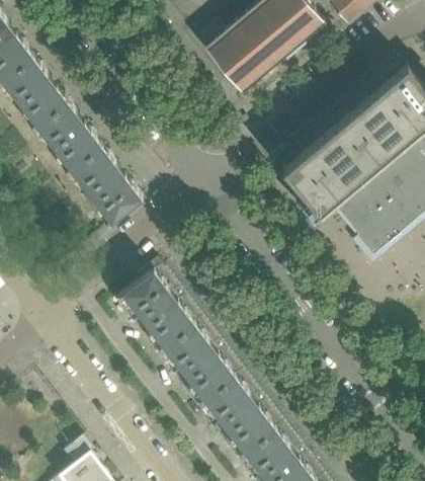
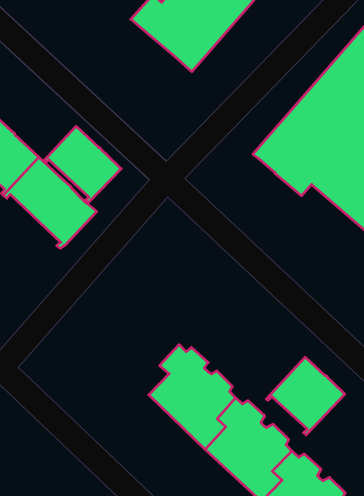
building: none -> [43,126,121,203]
building: [113,267,193,360] -> none
building: none -> [266,357,345,435]

